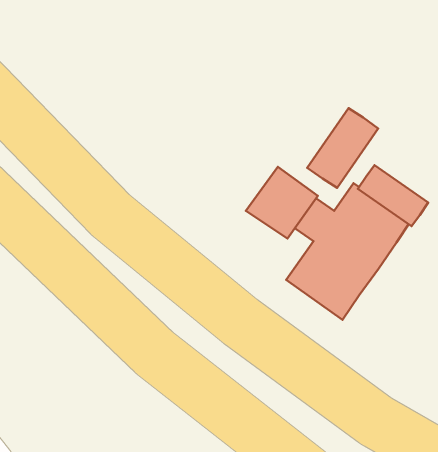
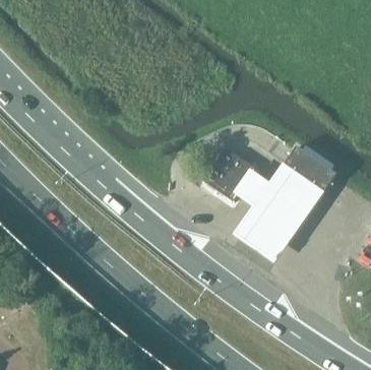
building: [307,108,378,188] -> none

